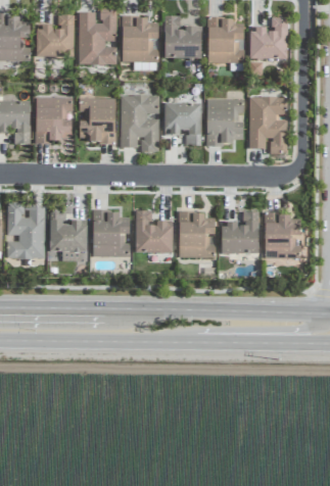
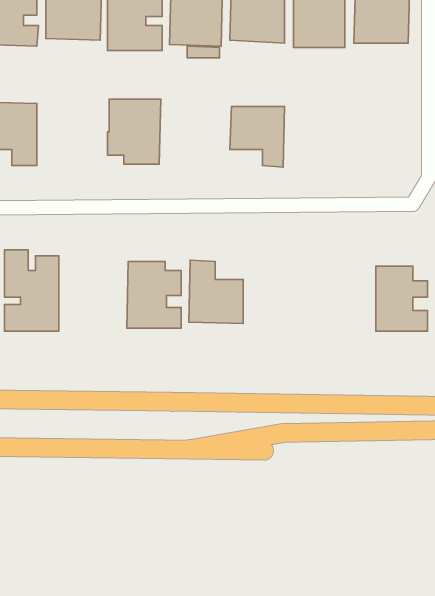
building: [121,95,159,152] -> none
building: [249,96,287,153] -> none
building: [35,97,73,142] -> none
building: [206,99,243,144] -> none
building: [49,209,87,252] -> none
building: [178,211,215,257] -> none
building: [221,211,258,253] -> none

